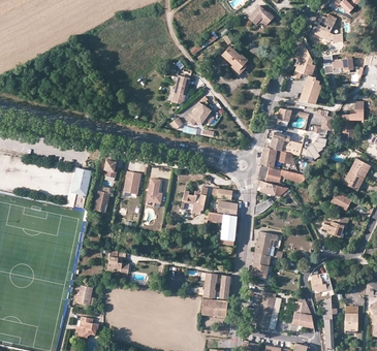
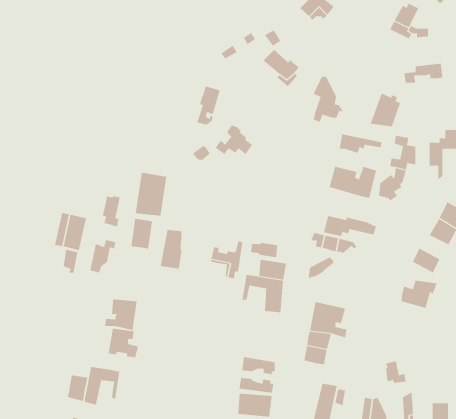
building: [294,44,317,78] -> [313,76,344,122]
building: none -> [135,172,167,216]
building: [260,147,295,167] -> none
building: none -> [104,298,137,331]
building: none -> [84,366,120,406]

